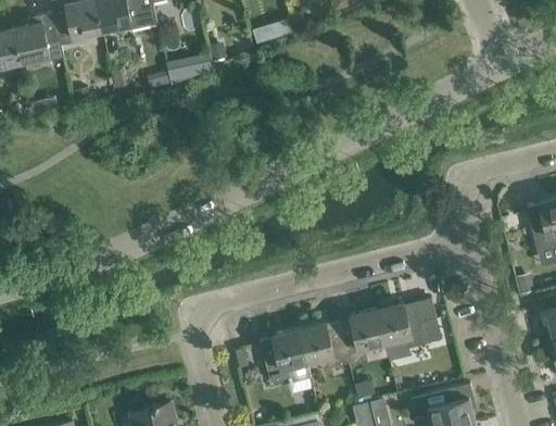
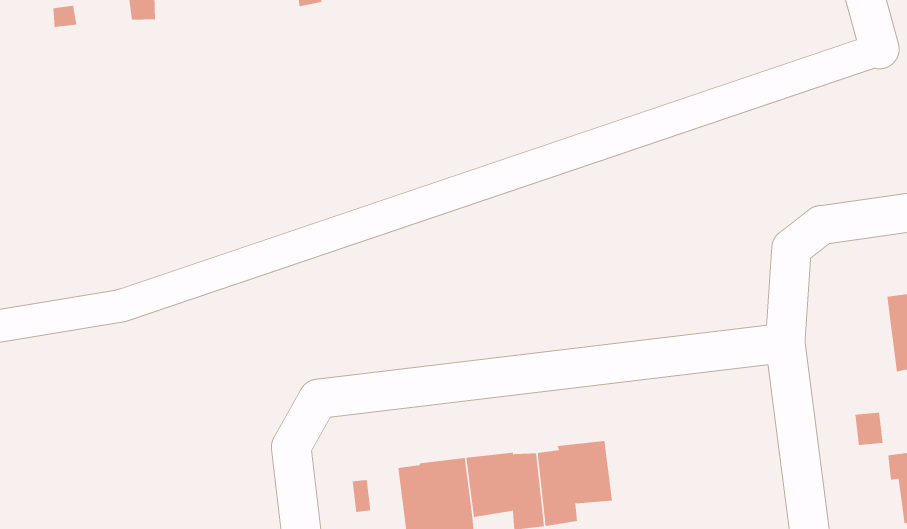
building: [377,299,442,349] -> none

